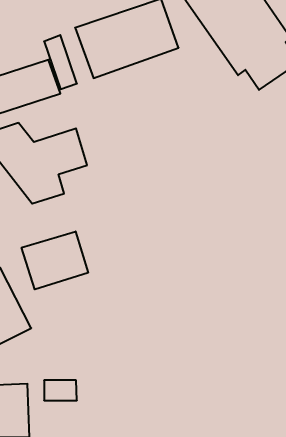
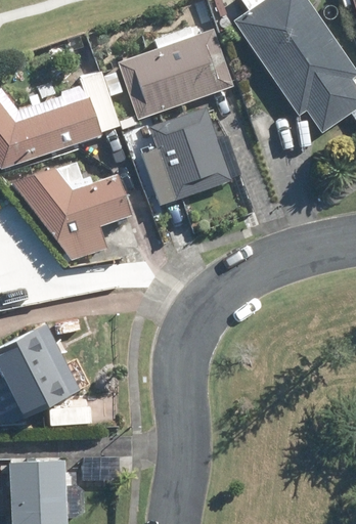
building: none -> [143,106,232,205]
building: [22,231,88,289] -> none

